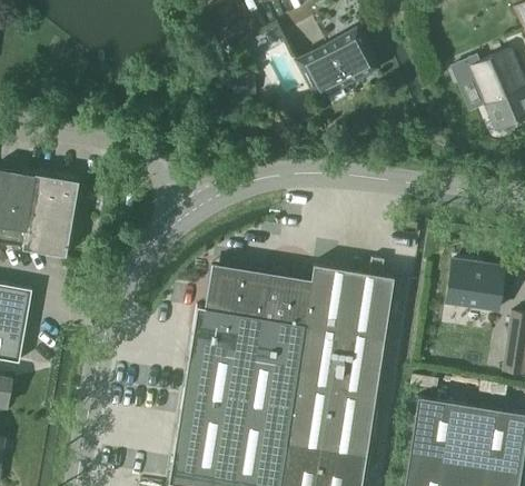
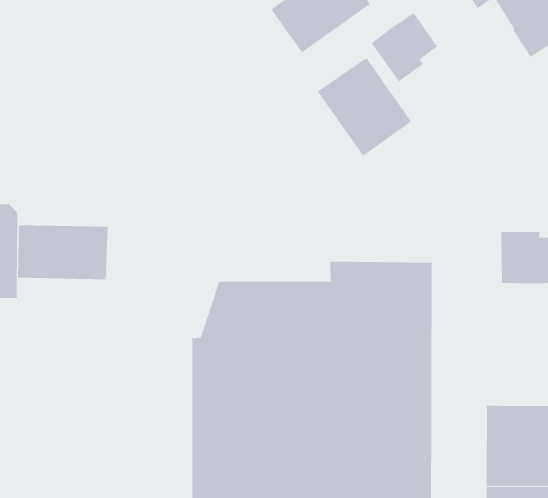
building: none -> [371,12,438,82]
building: none -> [317,57,412,157]
building: none -> [18,225,108,280]

